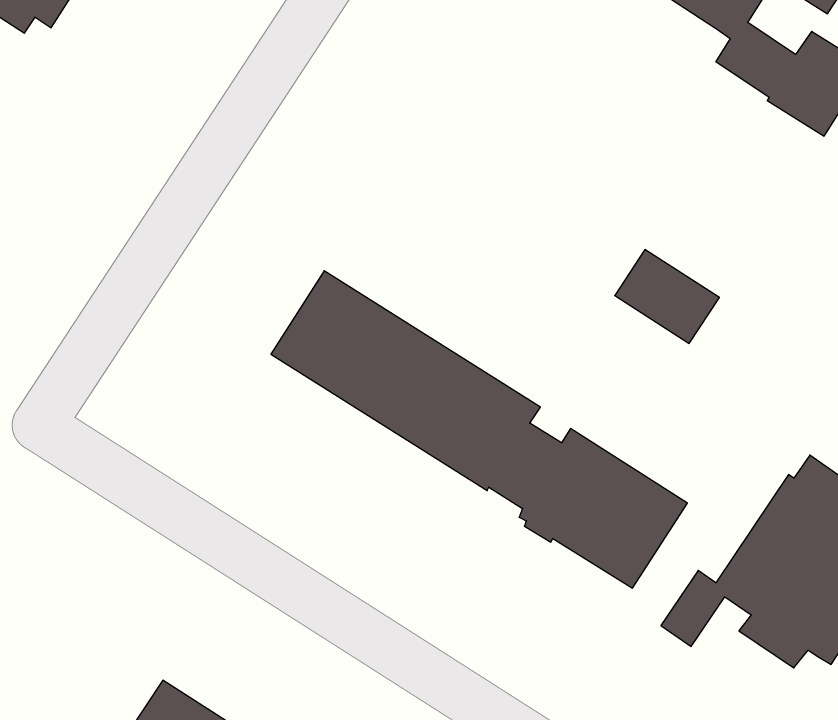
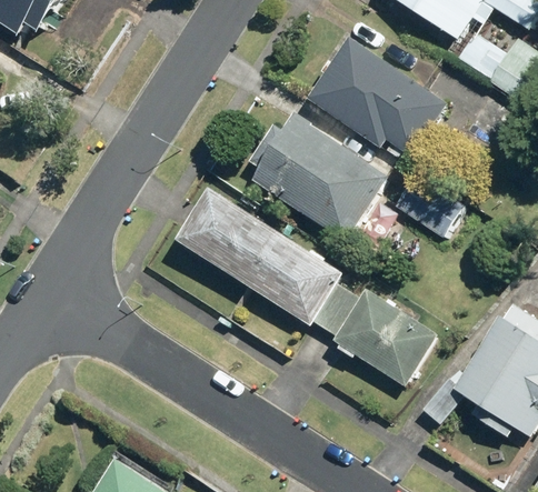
building: none -> [307,38,446,159]
building: none -> [248,117,388,242]

